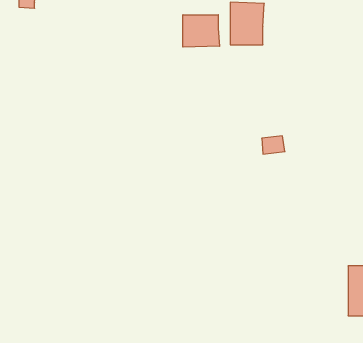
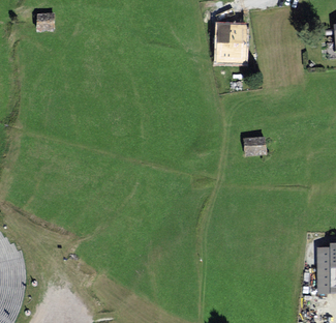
building: [183,15,220,47] -> none

